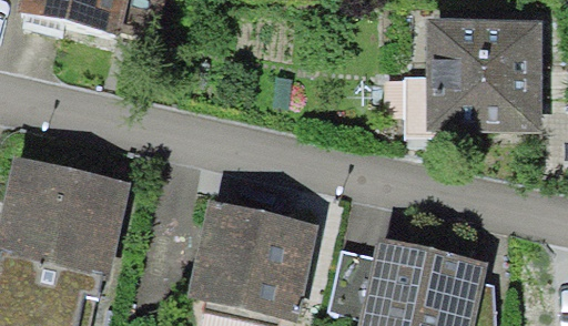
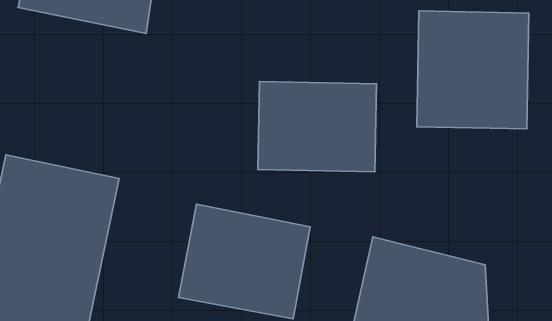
building: none -> [258,81,376,172]

